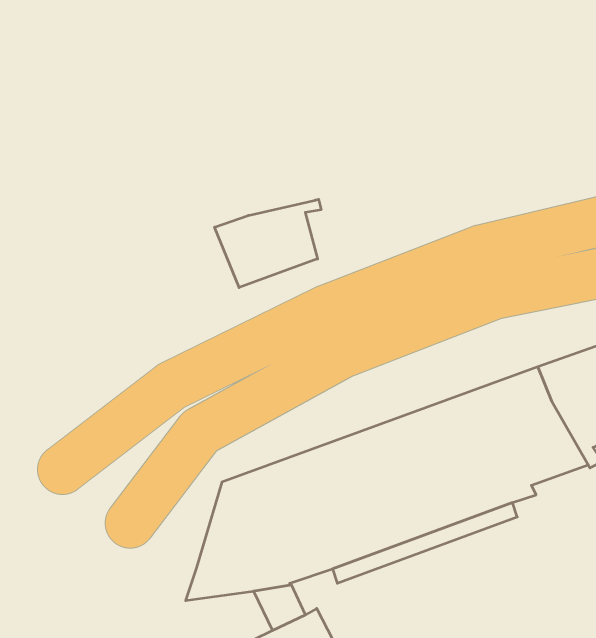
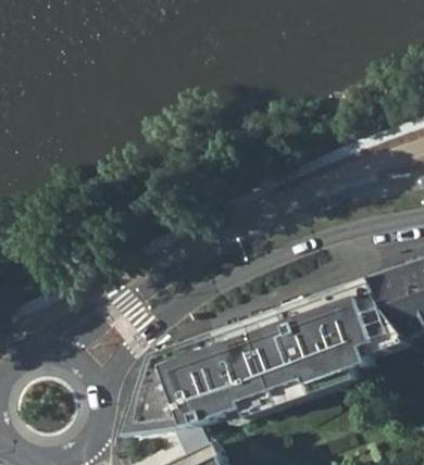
building: [215,199,321,288] -> none

